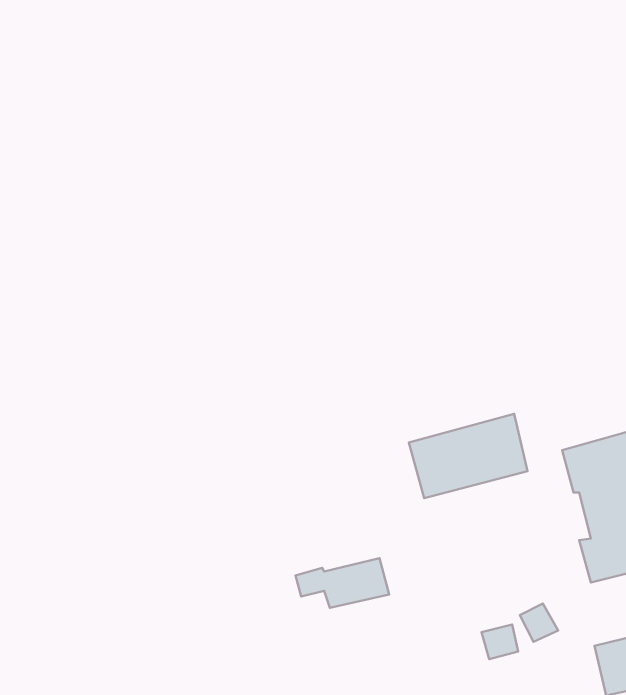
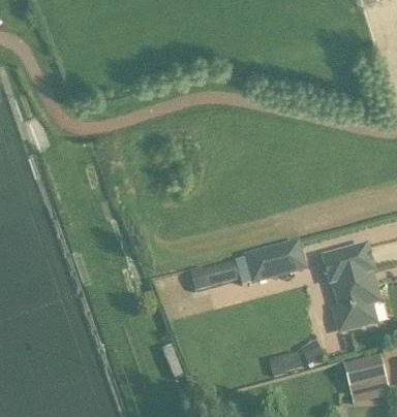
building: [295,558,389,608] -> [189,259,240,286]

